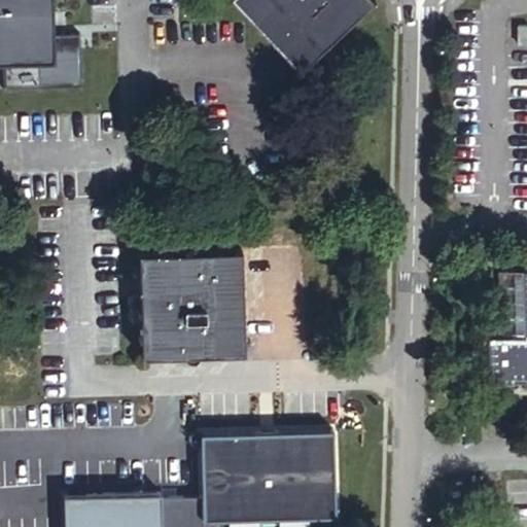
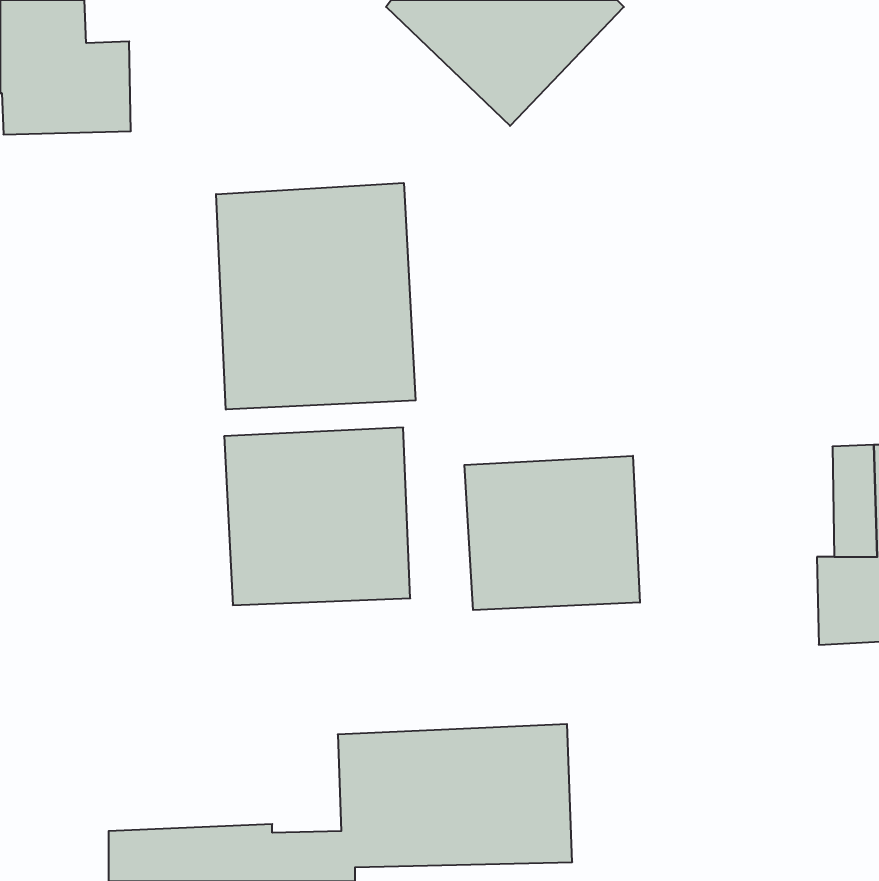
building: none -> [216,183,416,410]
building: none -> [464,456,640,610]

